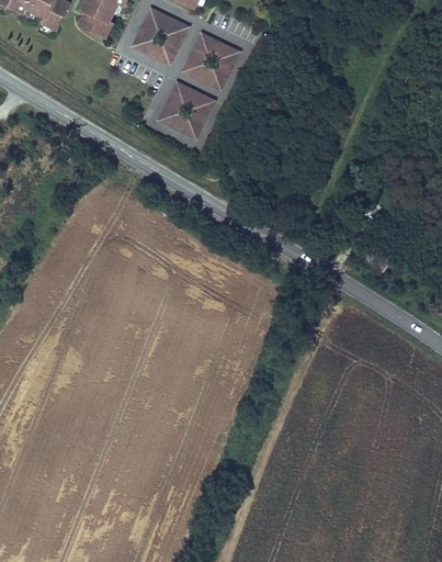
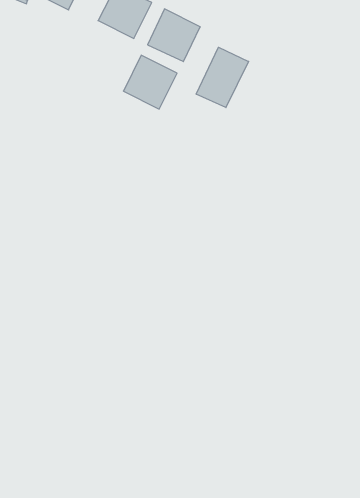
building: none -> [196,47,249,108]

